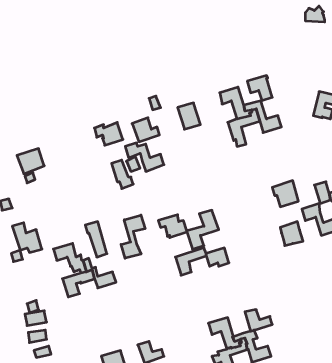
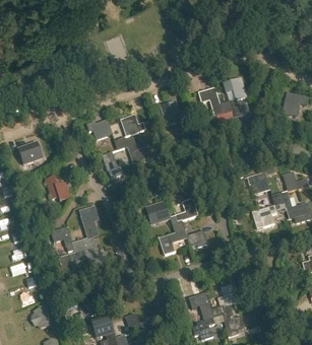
building: [121,215,145,258] -> none
building: [12,223,42,252] -> [45,176,71,202]

